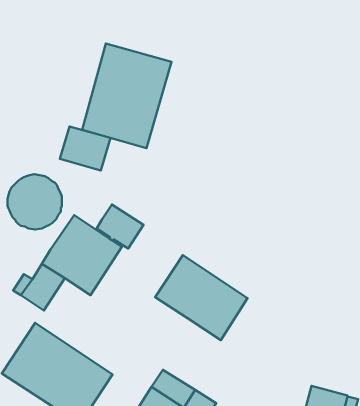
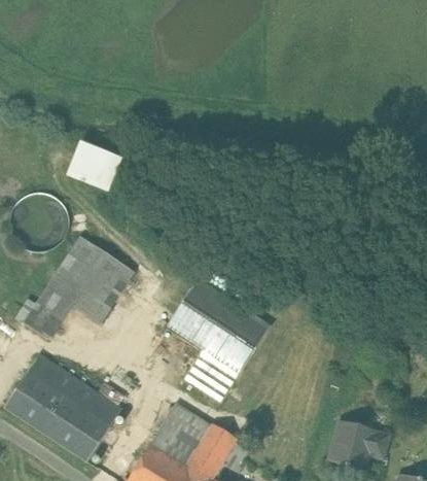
building: [82,44,171,148] -> none
building: [97,205,143,248] -> none
building: none -> [184,347,241,402]

